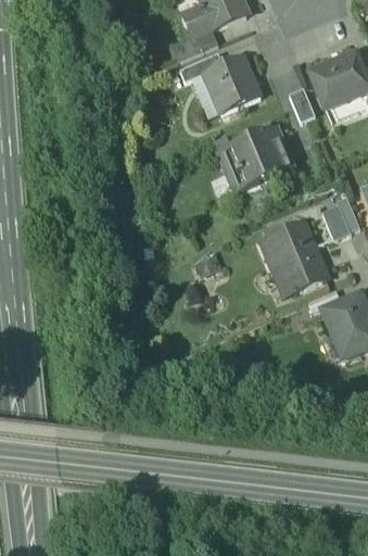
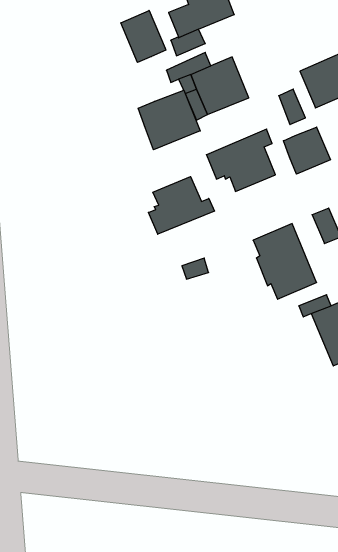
building: none -> [121,10,166,62]
building: none -> [138,90,200,150]
building: none -> [283,127,330,174]
building: none -> [148,177,215,234]

